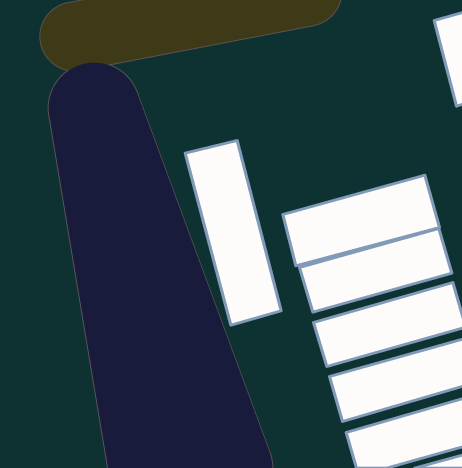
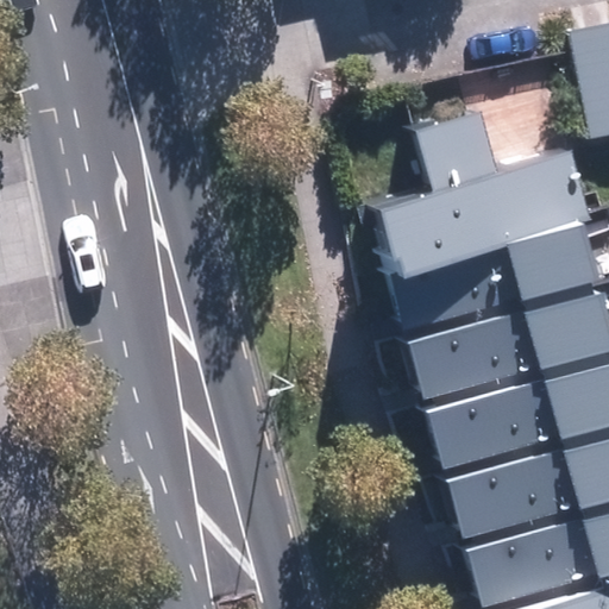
building: none -> [362,118,583,274]
building: [185,140,281,325] -> none

